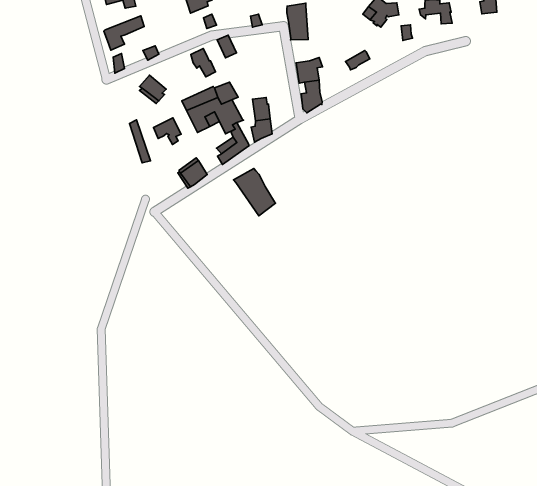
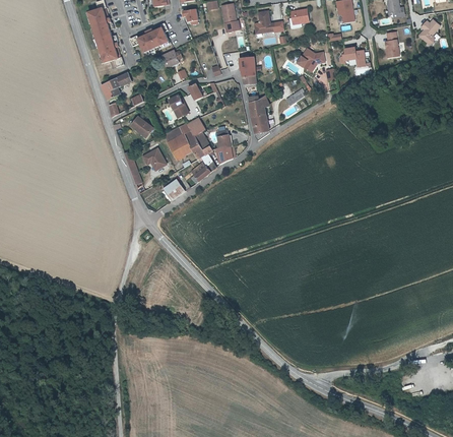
building: [234,169,276,216] -> none

